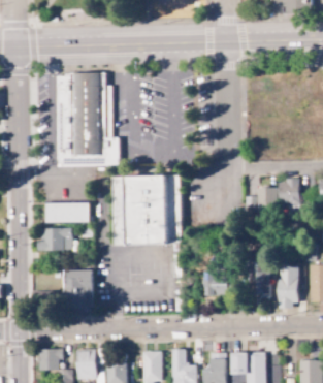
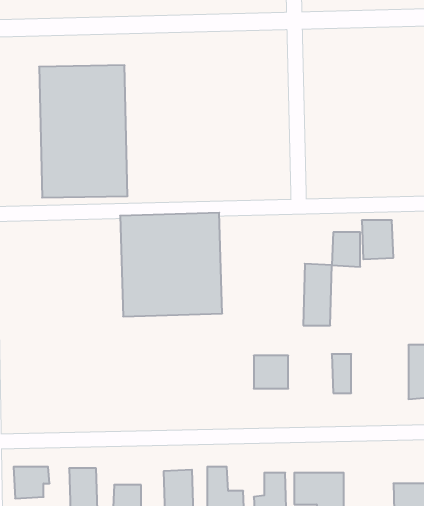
building: [45,202,90,223] -> none
building: [38,228,73,251] -> none
building: [279,265,298,308] -> [303,264,332,325]
building: [66,269,94,311] -> none

